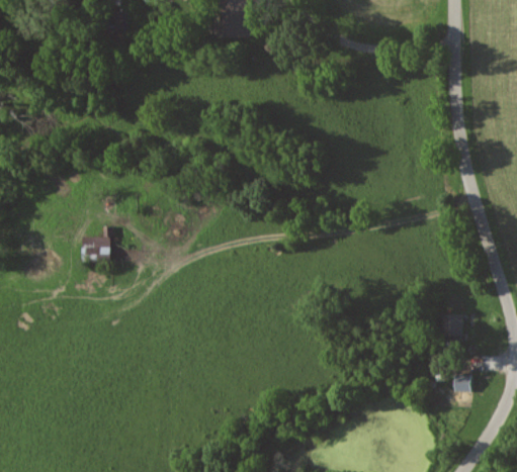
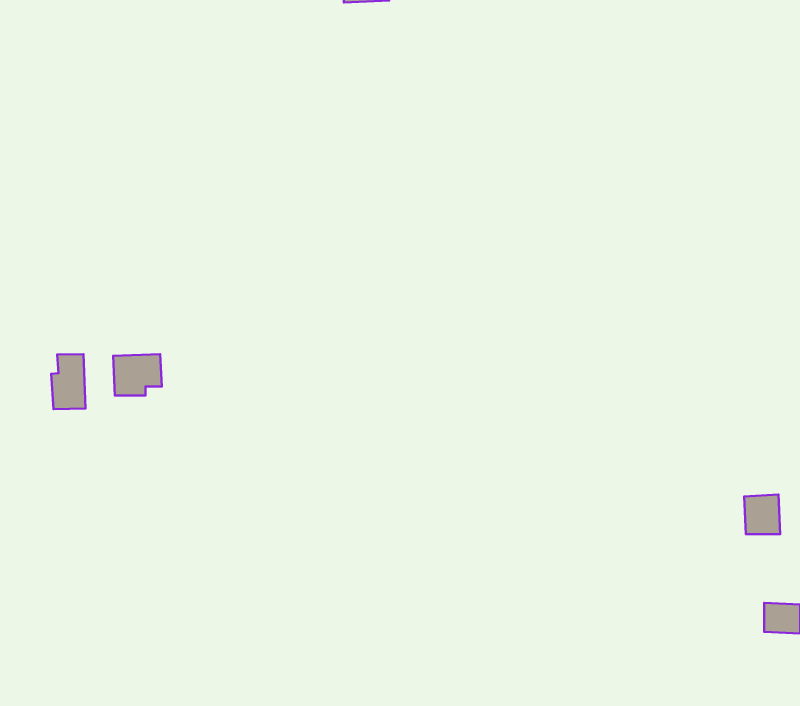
building: none -> [51,354,85,409]

